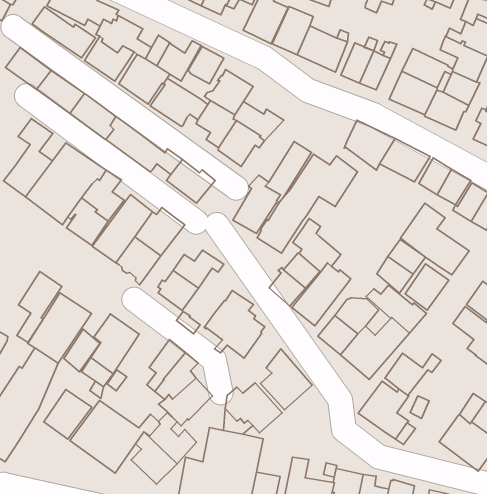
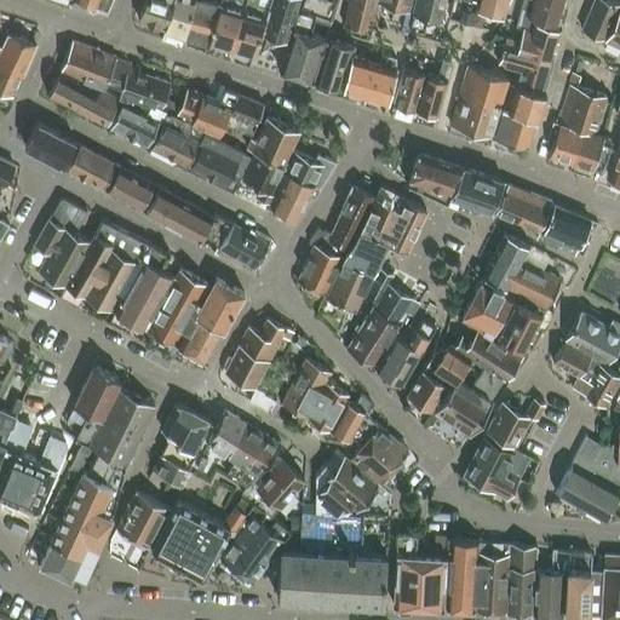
building: [64,329,100,372] -> [207,411,245,458]
building: none -> [331,397,372,442]

